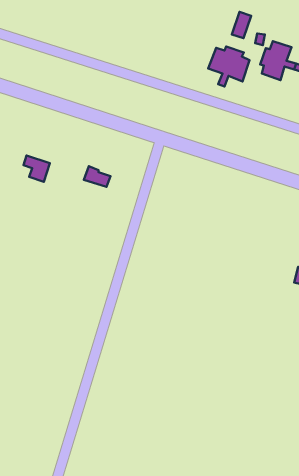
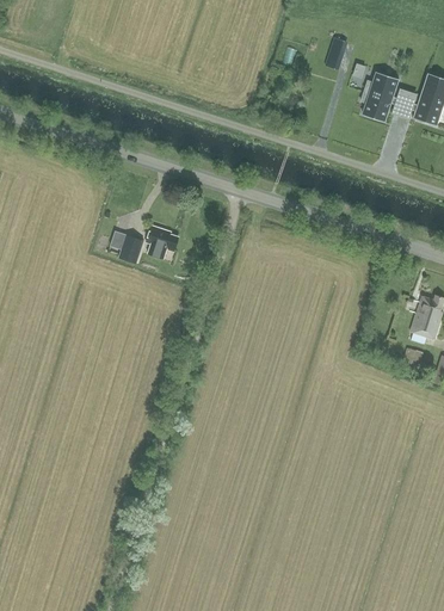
building: [208,46,250,87] -> none
building: [23,155,50,182] -> [111,230,143,263]

